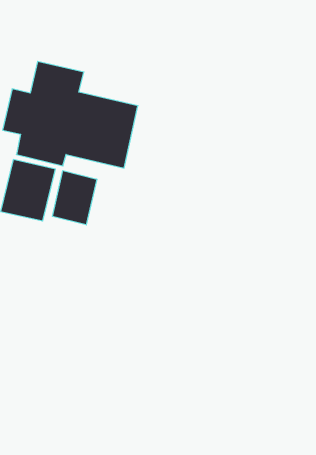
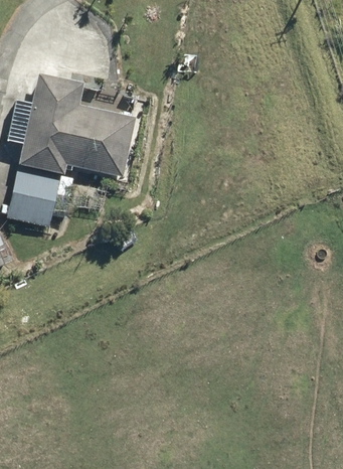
building: [52,171,97,225] -> none

